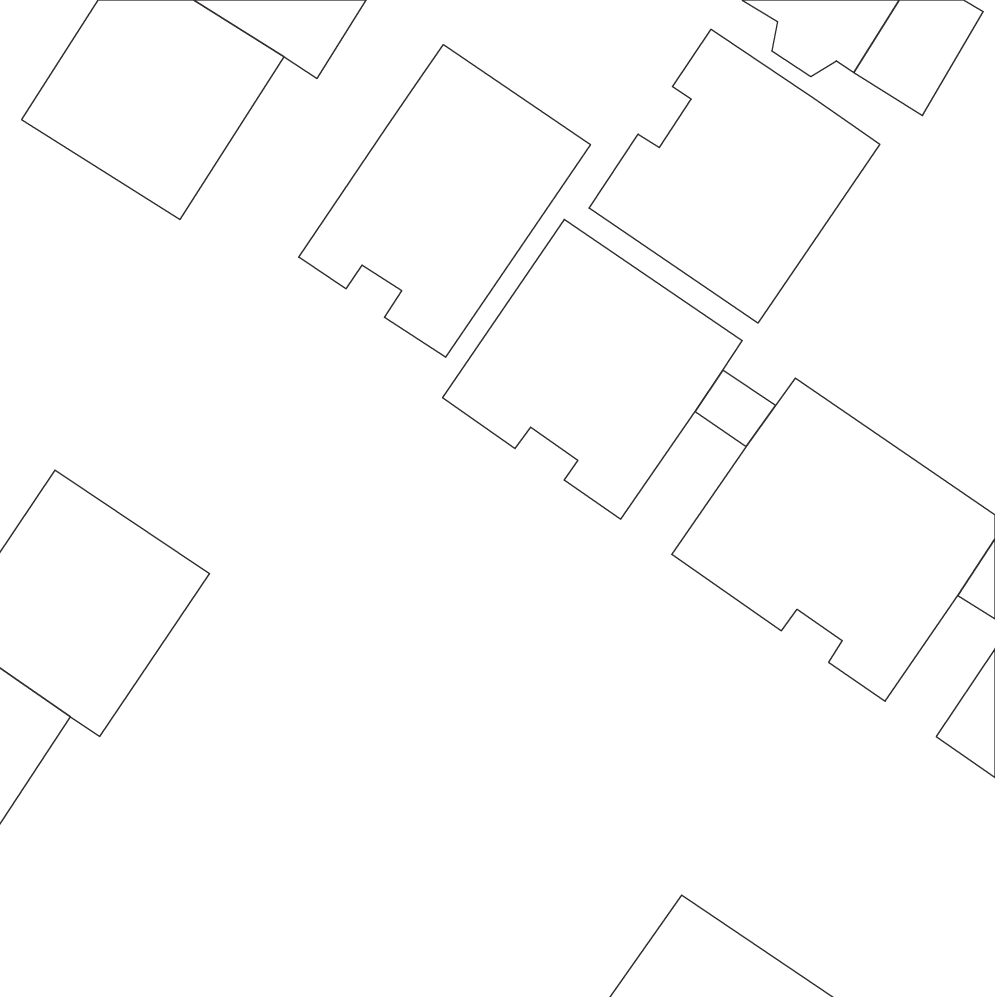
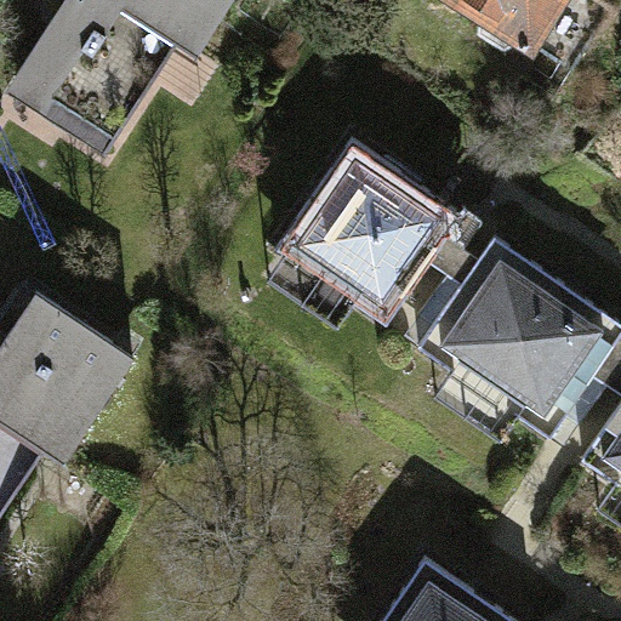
building: [589,29,880,323] -> none
building: [299,45,590,357] -> none

